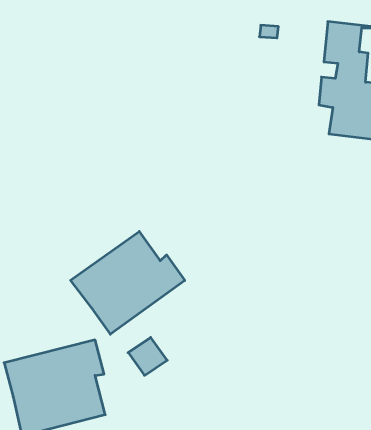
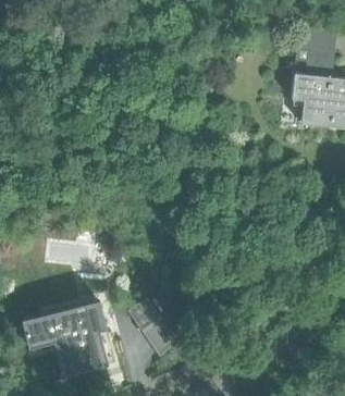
building: [71,231,185,334] -> none

